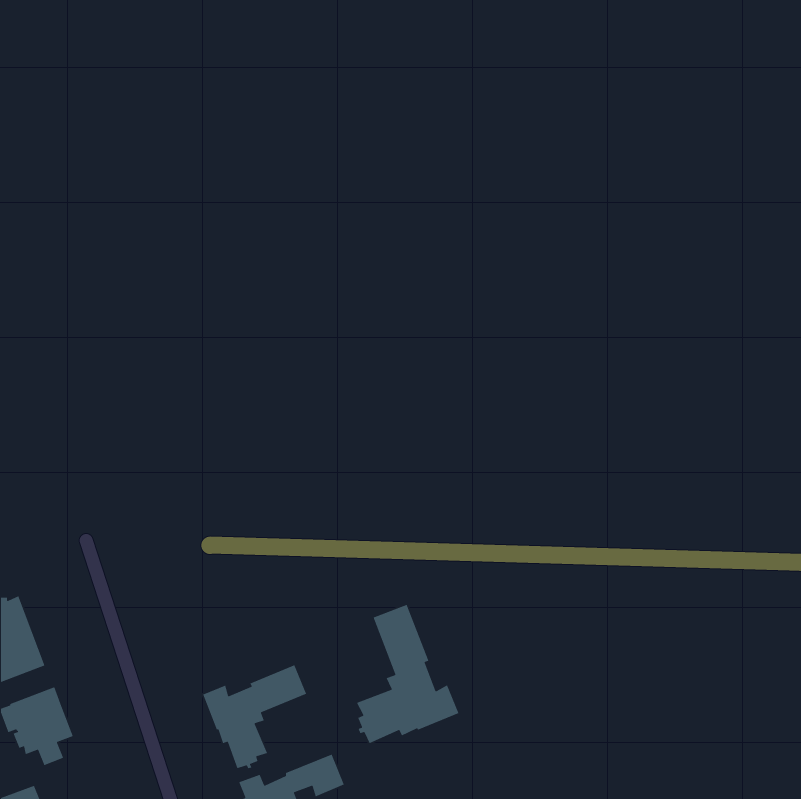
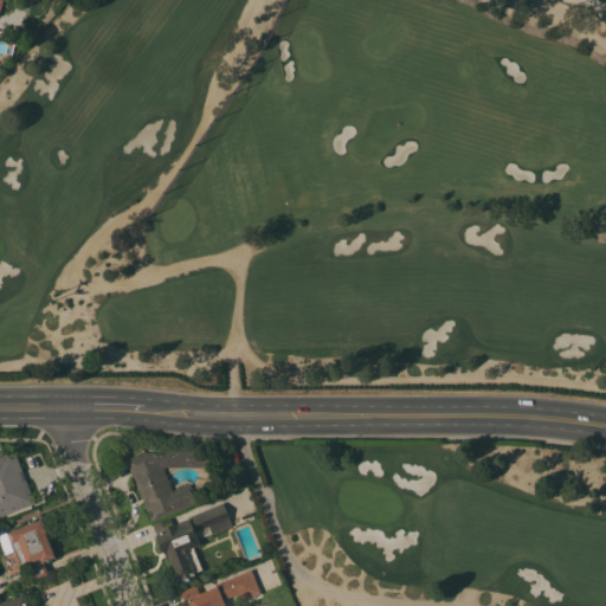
building: none -> [125,450,213,522]
building: [356,604,459,744] -> none

